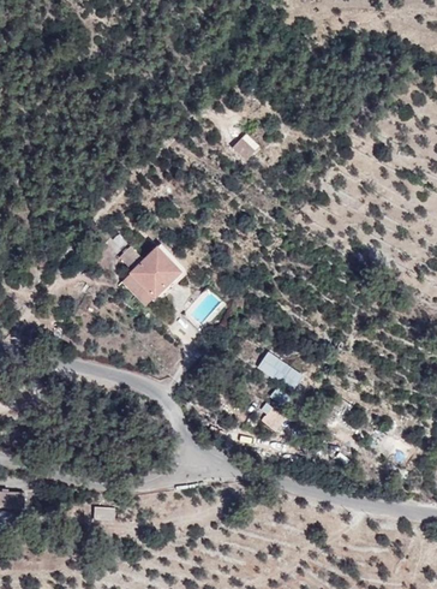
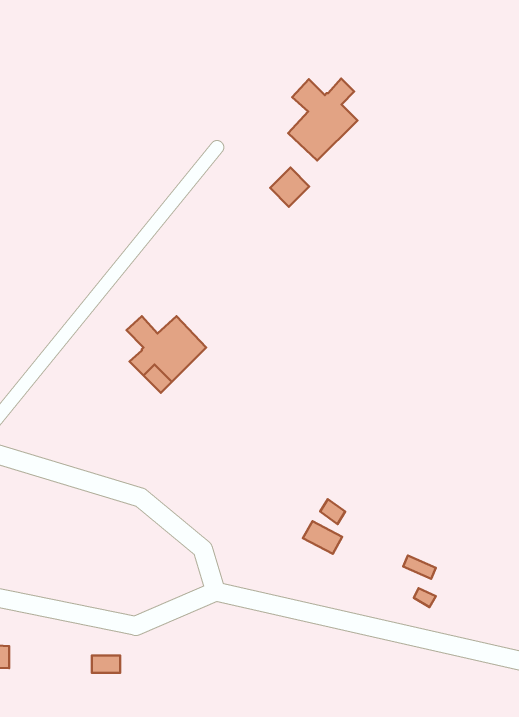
building: none -> [288,79,357,161]
building: [257,351,303,391] -> none

